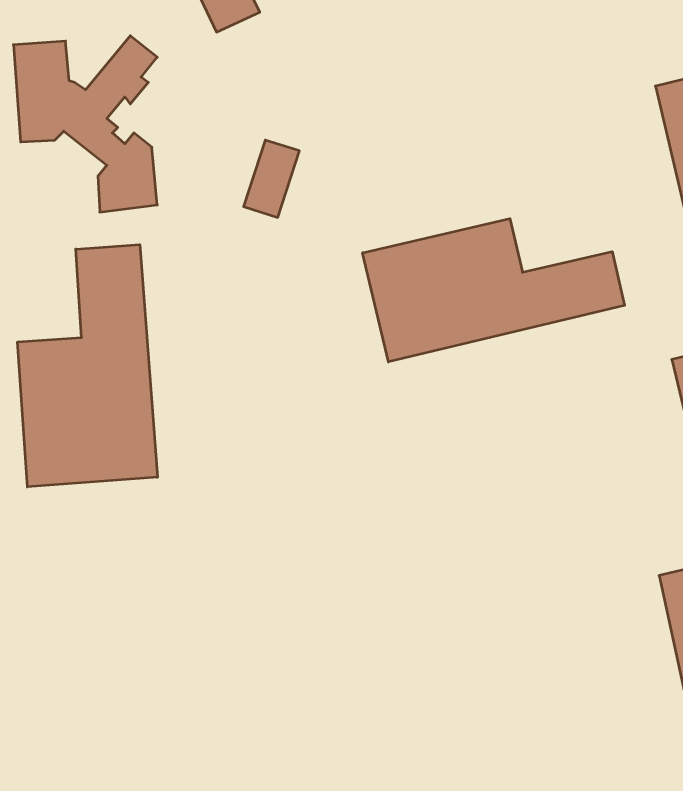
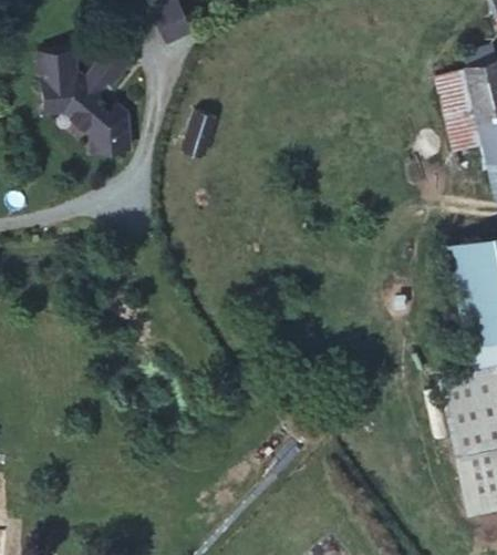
building: [363,219,625,362] -> none
building: [18,245,157,487] -> none

